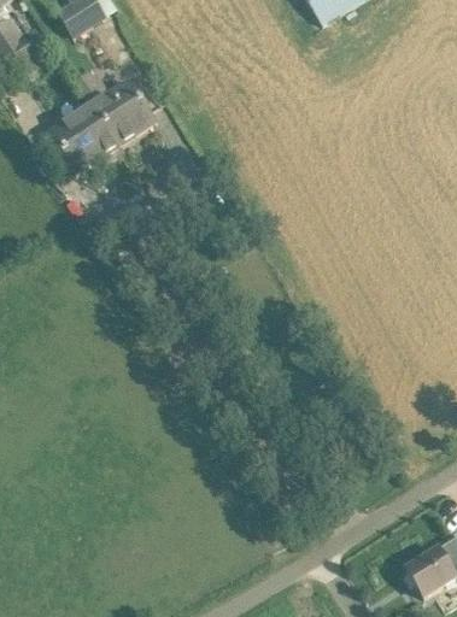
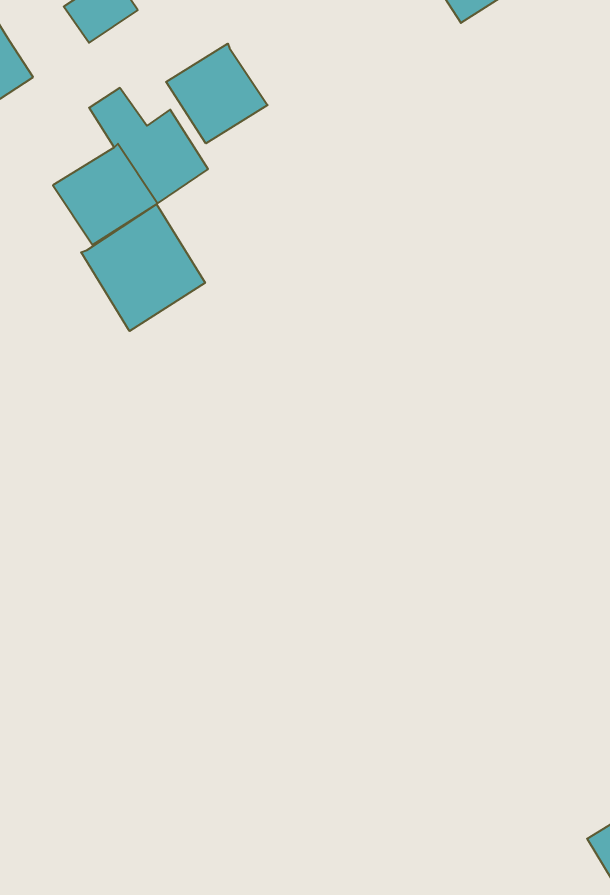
building: none -> [166,44,268,143]
building: none -> [81,204,205,331]

